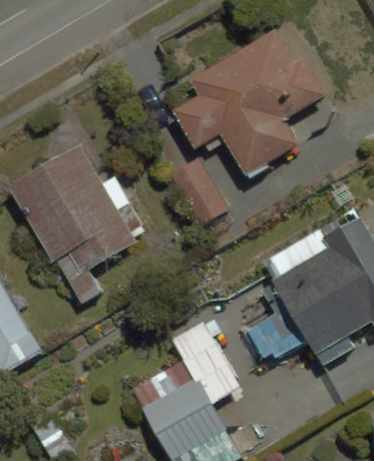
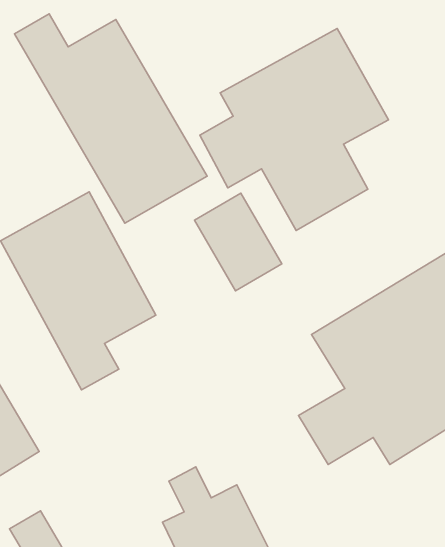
building: none -> [15,14,207,223]

